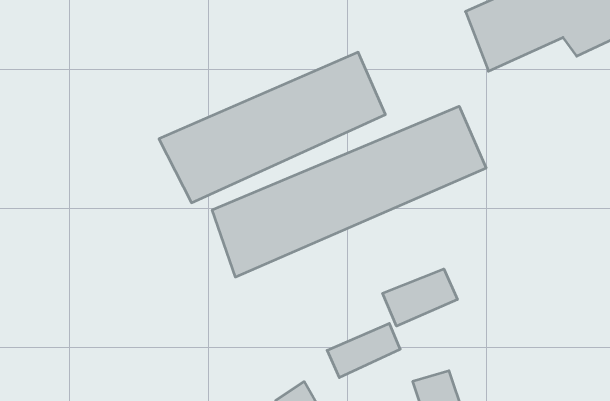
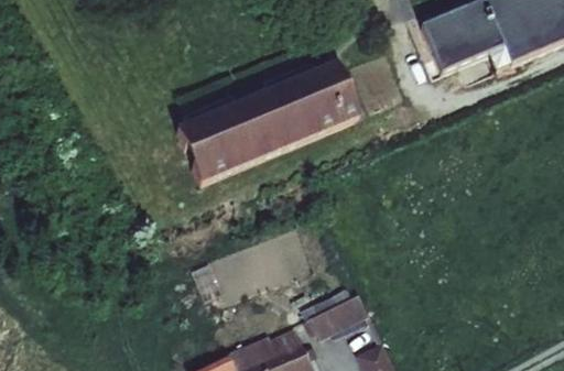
building: [212,106,486,277] -> none
building: [383,269,457,326] -> none

